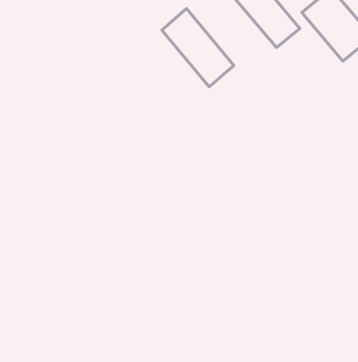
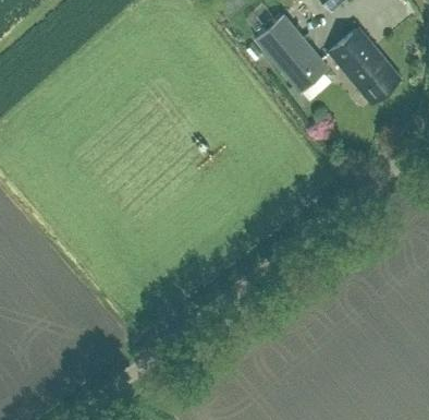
building: [162,8,234,87] -> none

